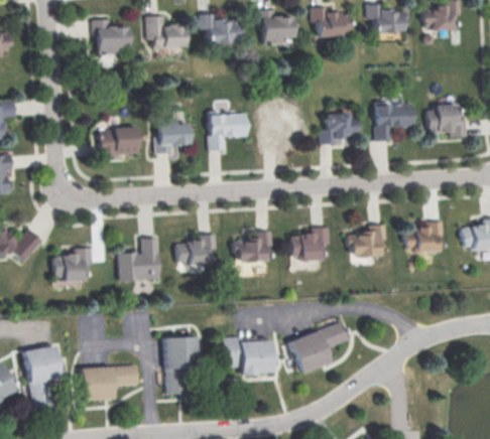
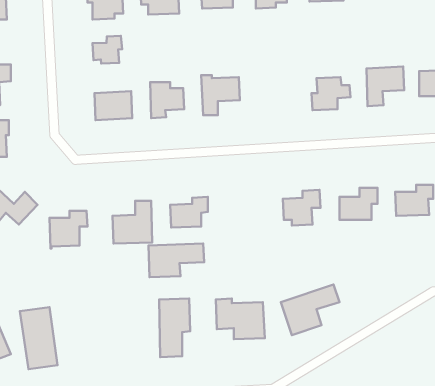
building: none -> [93,36,122,64]
building: [234,231,271,262] -> none
building: [82,365,138,400] -> [149,243,204,277]

